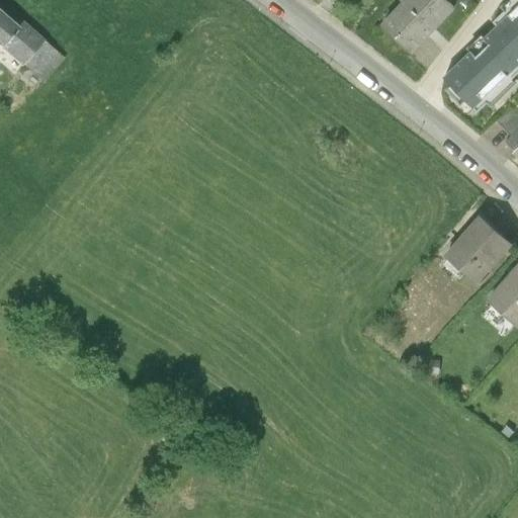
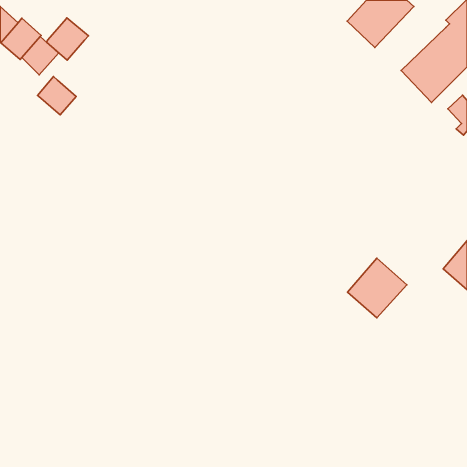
building: none -> [46,18,89,60]
building: none -> [38,76,76,115]
building: [444,214,510,280] -> [347,258,407,318]

